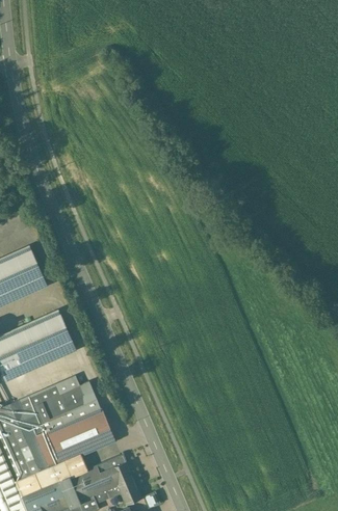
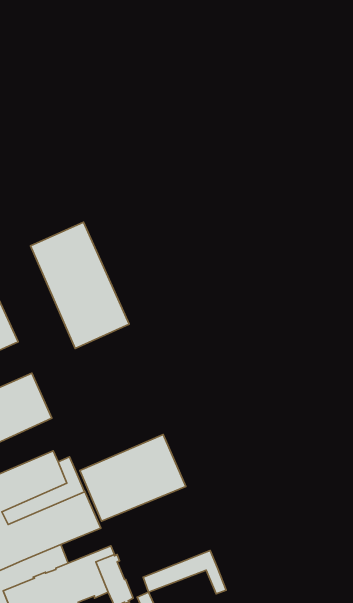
building: none -> [31,222,129,349]
building: none -> [80,435,186,521]
building: none -> [143,550,226,594]

